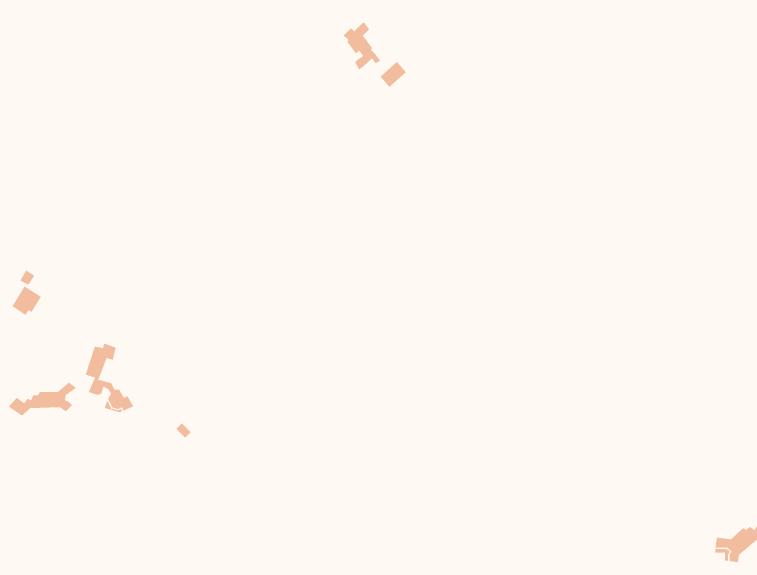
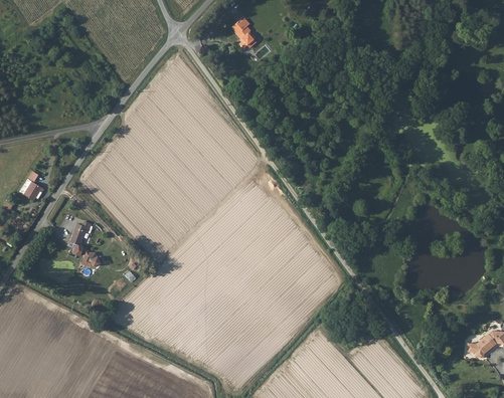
building: [8,381,77,417] -> none

